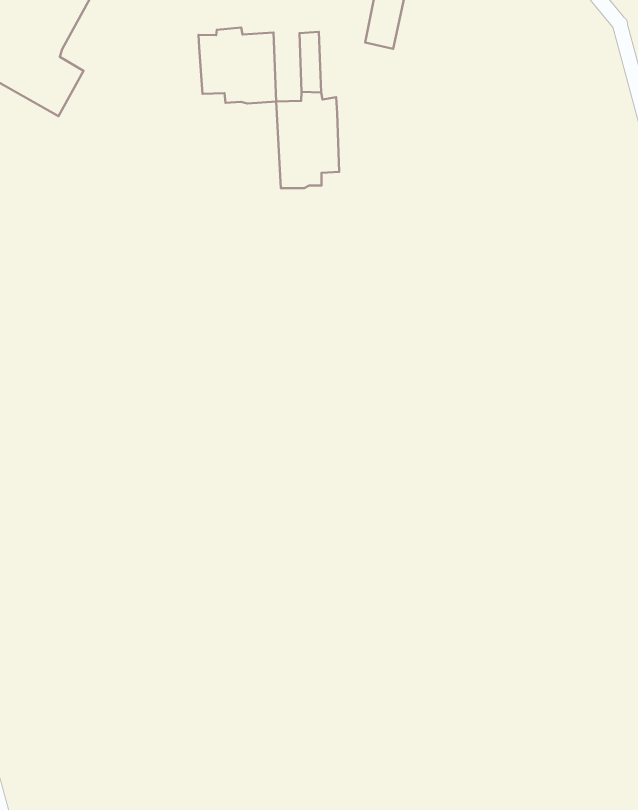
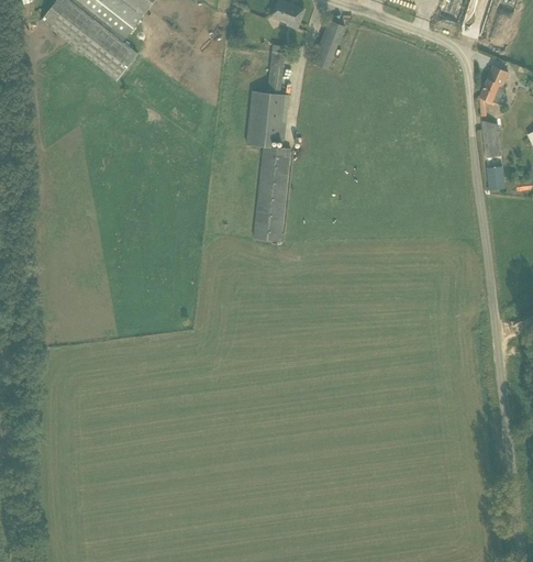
building: [199,28,276,103] -> none
building: none -> [254,144,290,240]

